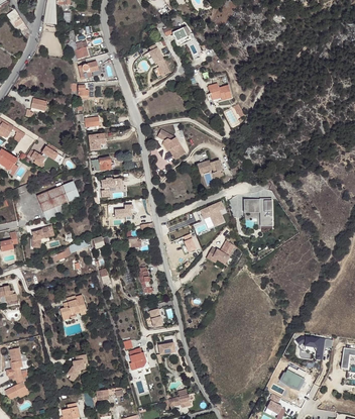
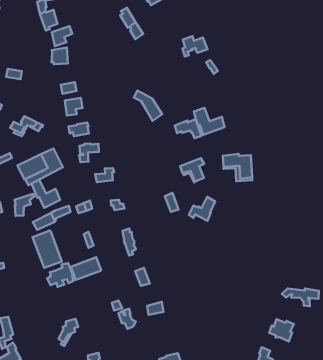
building: none -> [194,108,225,135]
building: none -> [31,180,60,208]
building: none -> [32,231,62,268]
building: none -> [71,257,101,280]

